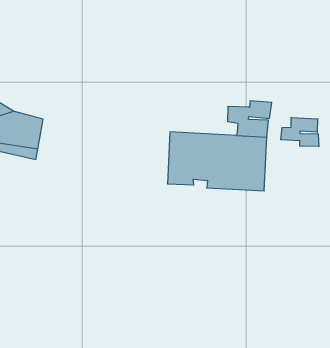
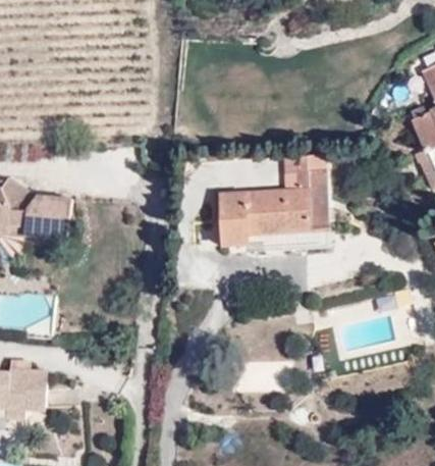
building: [281,117,319,147] -> none

